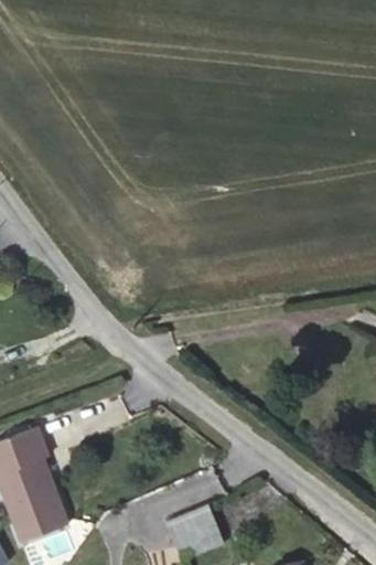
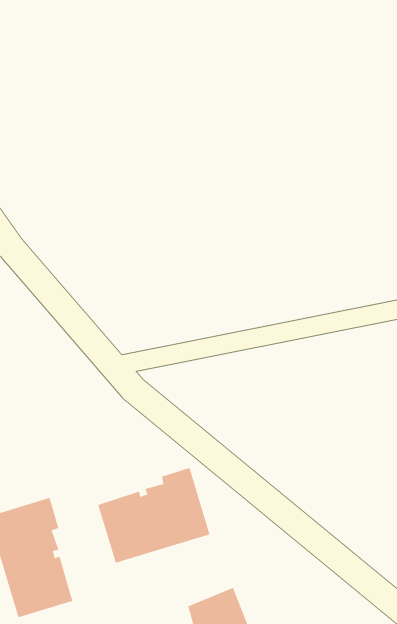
building: none -> [98,467,210,564]

